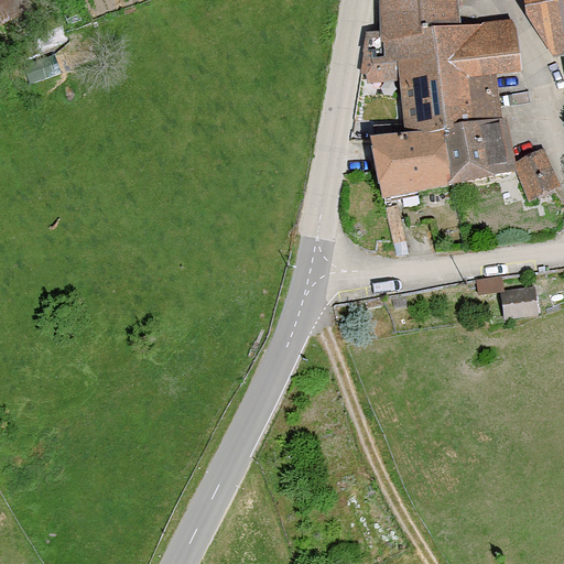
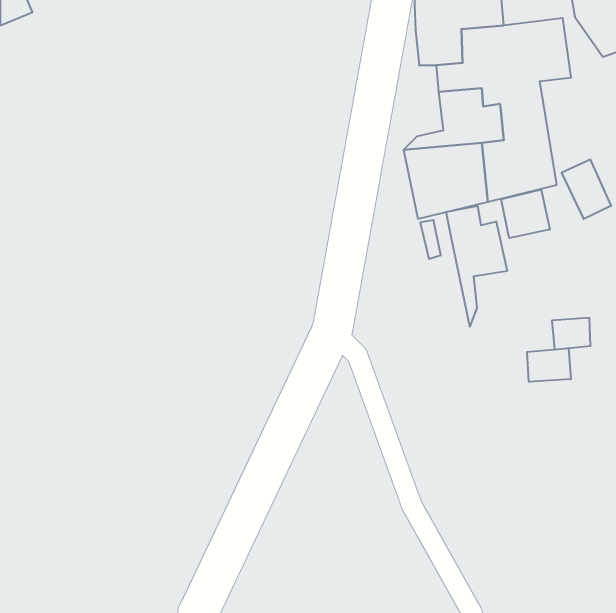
building: none -> [501,189,550,238]
building: none -> [446,206,507,327]
building: none -> [527,348,571,382]

